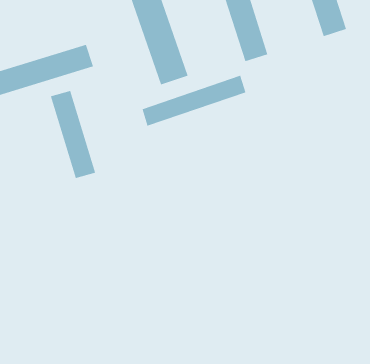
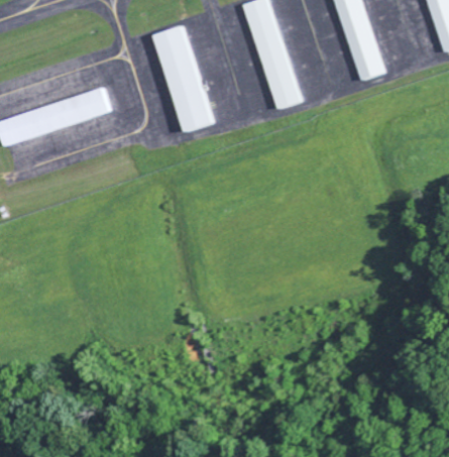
building: [142,75,246,127] -> none
building: [50,90,96,179] -> none

